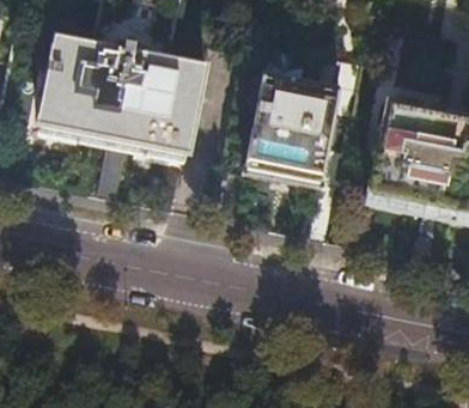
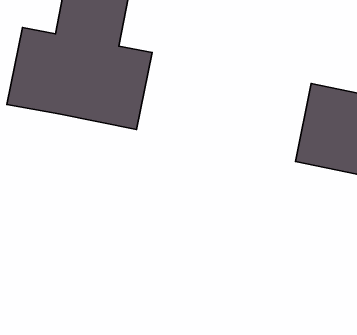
building: [243,56,339,187] -> none

